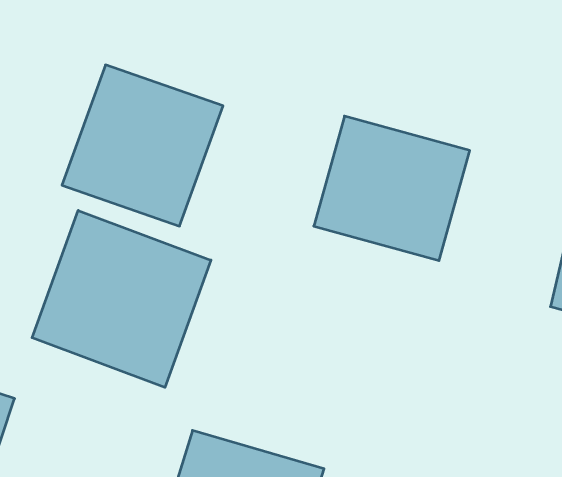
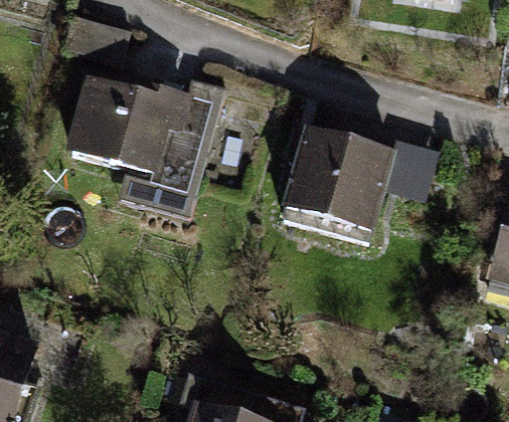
building: [32,210,211,387] -> none

